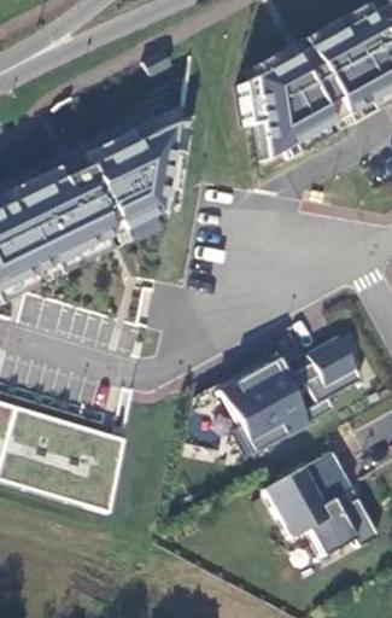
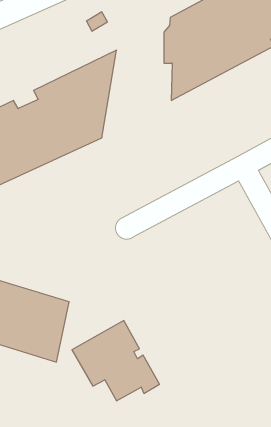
building: [215,337,361,456] -> none
building: [262,450,378,556] -> [72,321,159,401]

